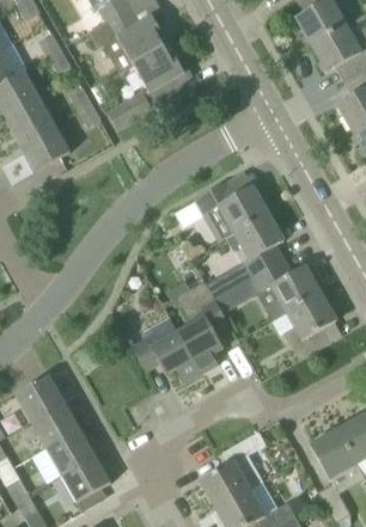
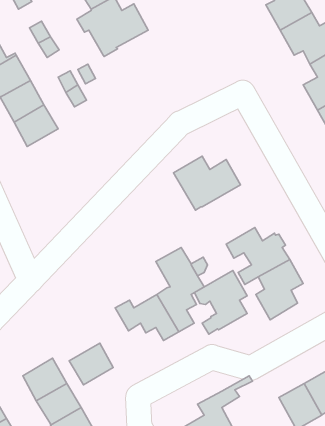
building: [106,44,184,130] -> none
building: [226,213,283,282] -> [194,271,247,334]
building: [16,375,63,421] -> [69,343,113,385]

